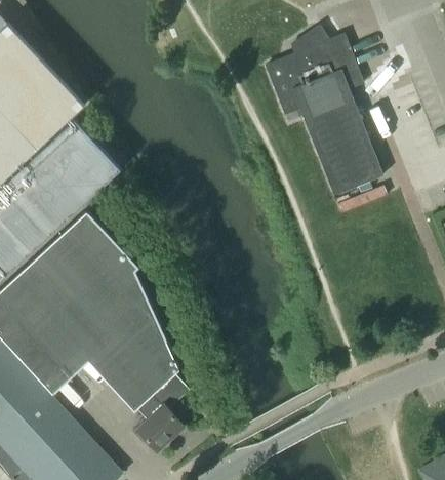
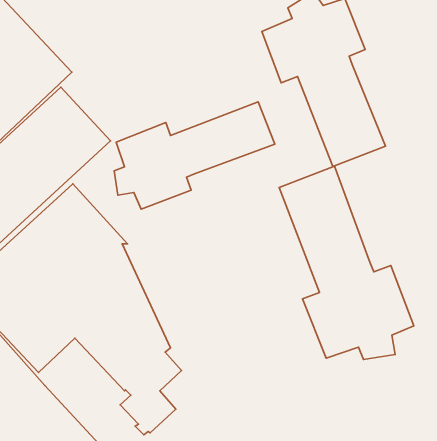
building: none -> [114,102,275,209]
building: none -> [279,166,414,360]

